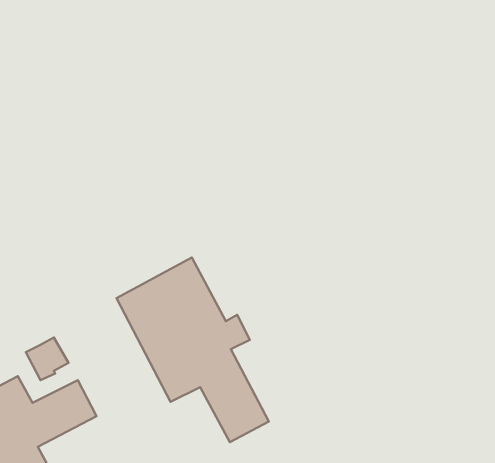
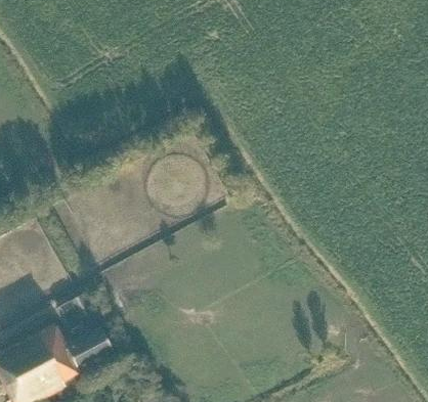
building: [116,257,269,442] -> none

